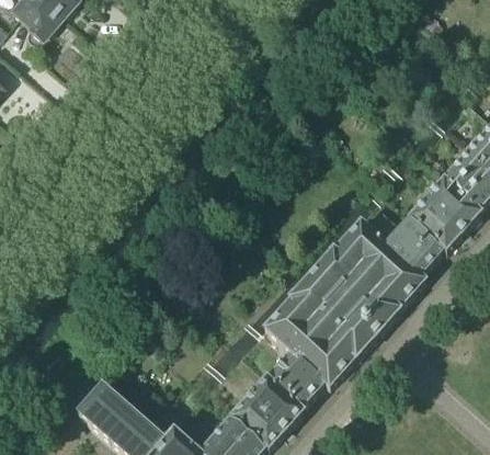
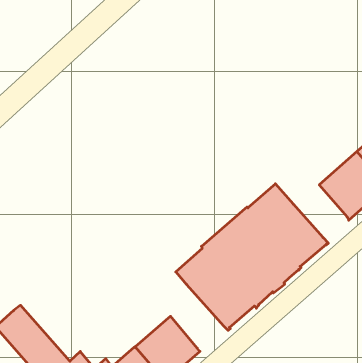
building: [357,216,441,276] -> none
building: [264,344,322,411] -> none

